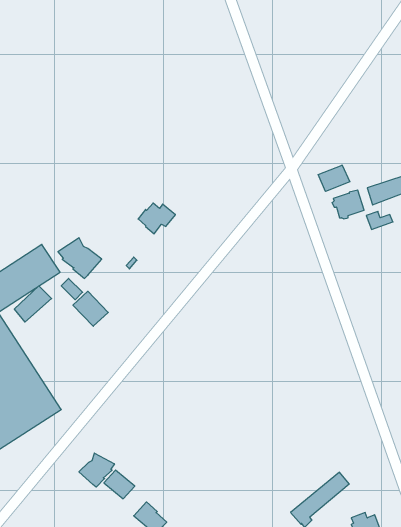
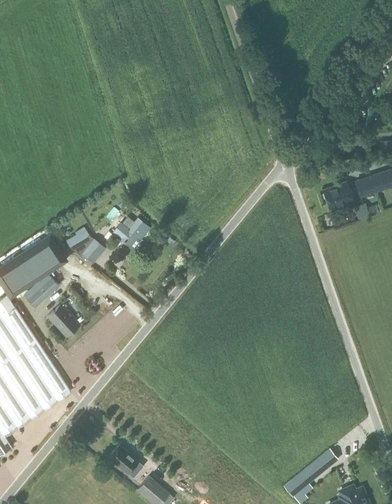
building: [318,165,350,191] -> none
building: [138,203,175,234] -> [115,217,150,246]
building: [73,291,108,326] -> [48,304,81,337]
building: [79,453,114,487] -> none

